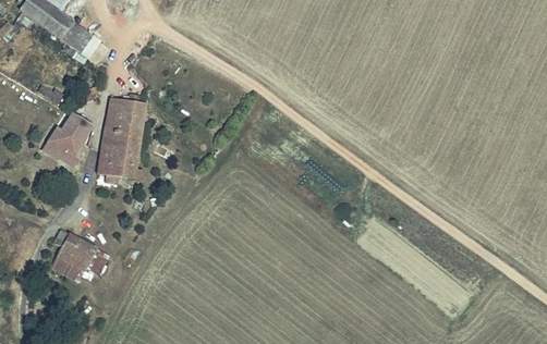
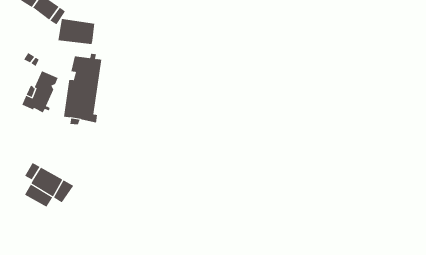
building: none -> [58,18,95,45]

